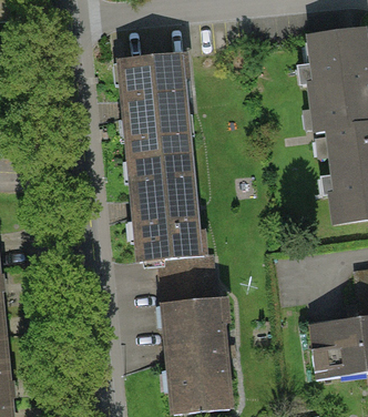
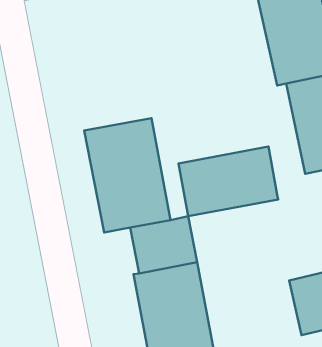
building: [115,53,191,160] -> none
building: none -> [178,147,278,216]

